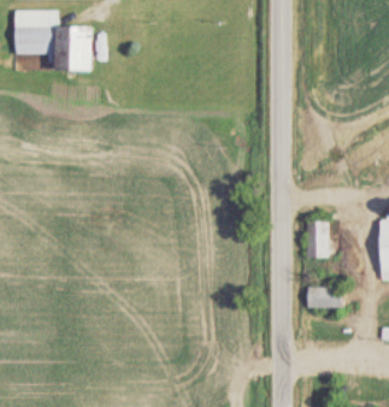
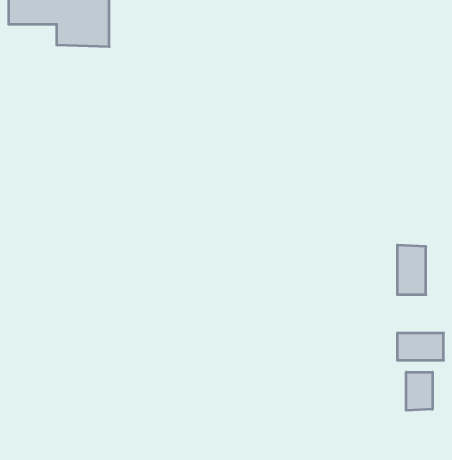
building: none -> [406,372,432,410]

